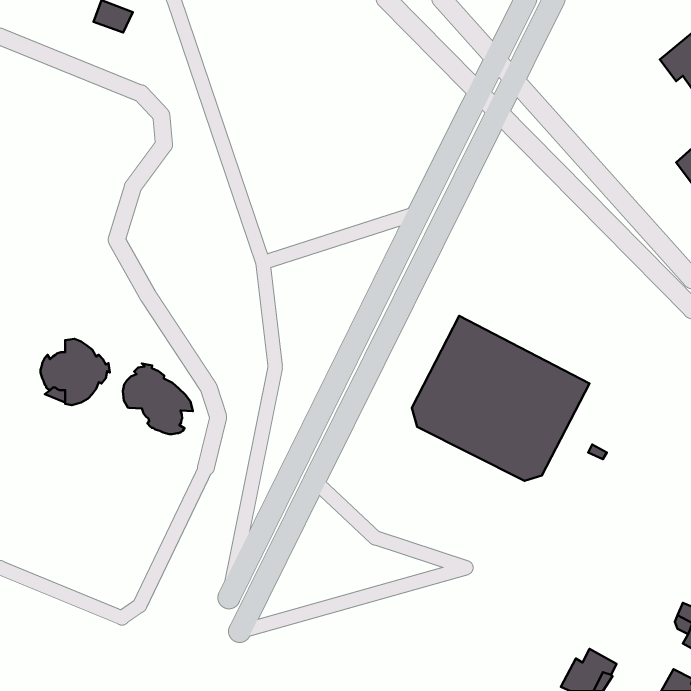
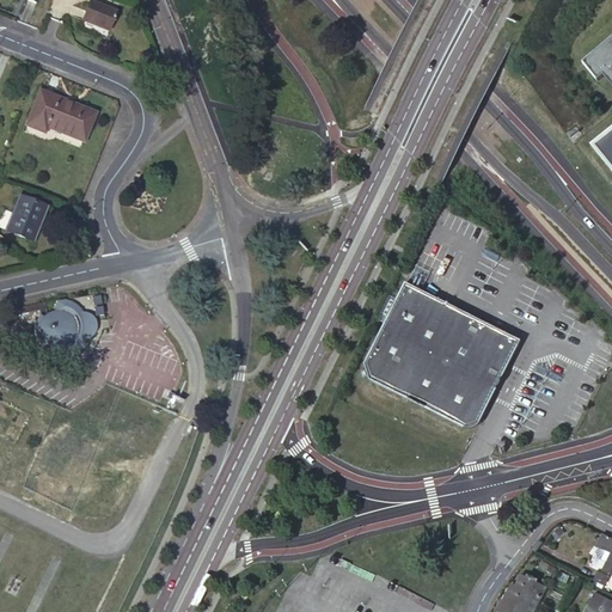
building: none -> [30,91,96,139]
building: none -> [7,195,48,239]
building: [123,364,193,434] -> none

